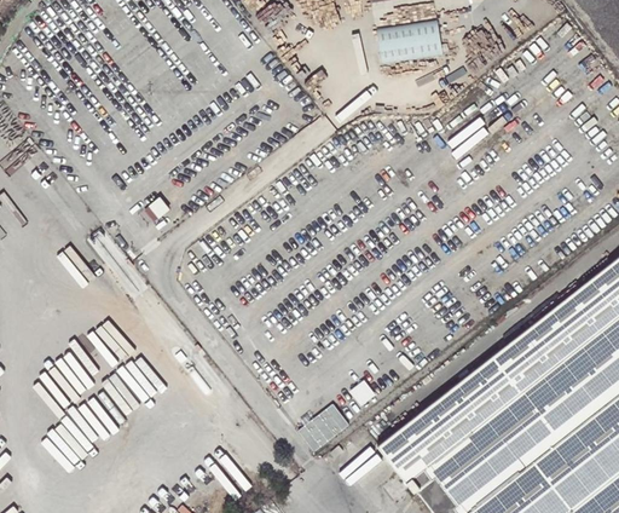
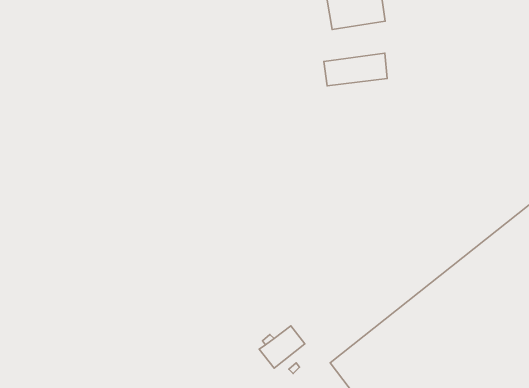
building: none -> [324,53,387,86]

